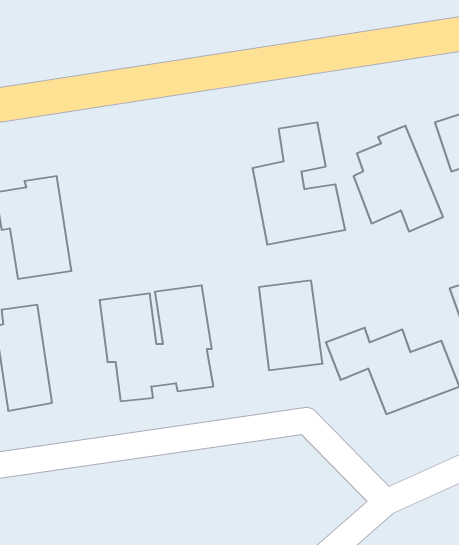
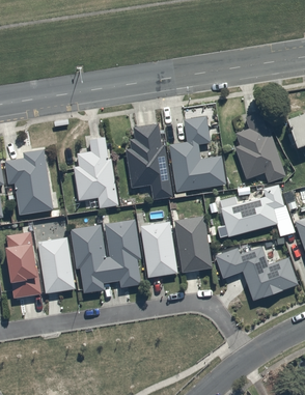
building: none -> [124,123,172,200]
building: none -> [73,137,117,208]
building: none -> [215,186,284,238]
building: none -> [140,221,177,278]
building: none -> [36,236,75,293]

